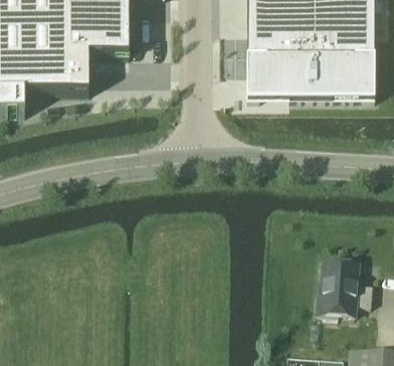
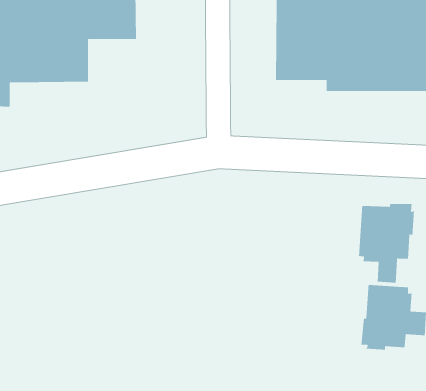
building: none -> [358,203,415,283]

